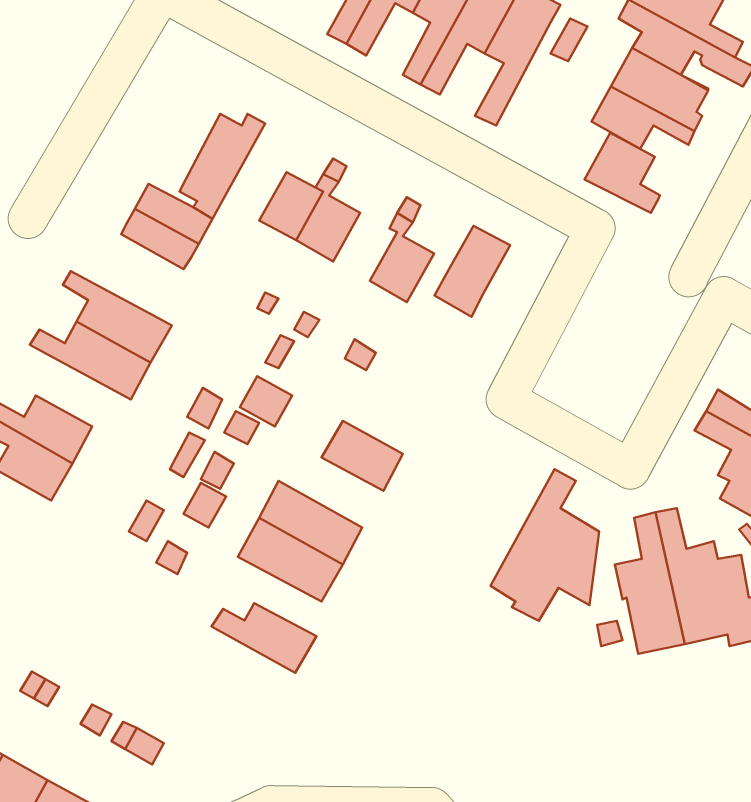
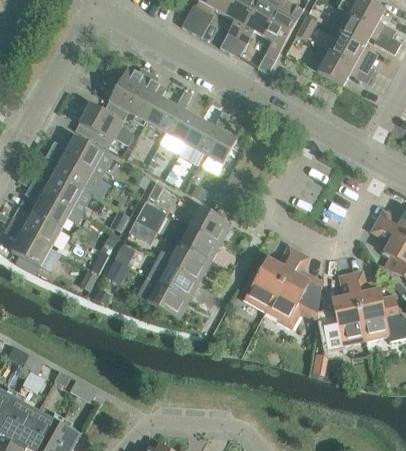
building: none -> [128,72,166,122]
building: [585,133,660,213] -> none
building: [435,226,510,317] -> [179,118,218,165]
building: none -> [50,136,112,176]
building: none -> [25,186,83,228]
building: none -> [190,205,232,242]
building: none -> [245,244,299,310]
building: [211,603,316,673] -> [157,244,211,280]

